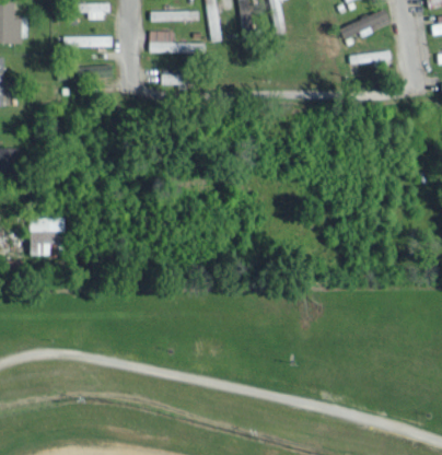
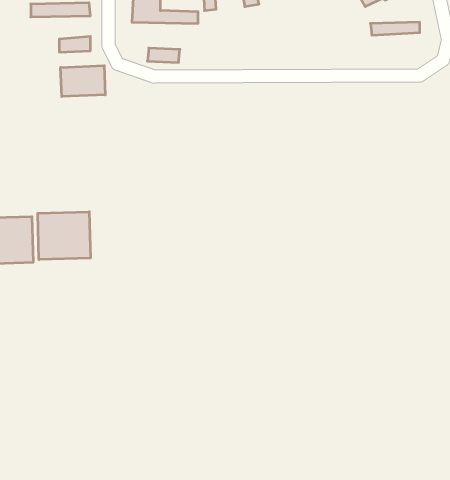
building: none -> [61,66,105,97]
building: none -> [38,212,90,260]

